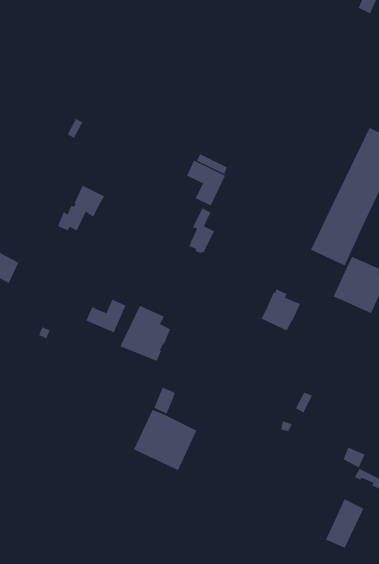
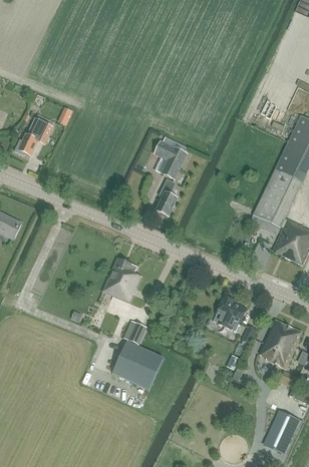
building: [57,185,105,231] -> [14,118,52,155]
building: [261,289,301,331] -> [213,297,245,331]
building: [86,299,126,334] -> none
building: none -> [258,320,302,370]

